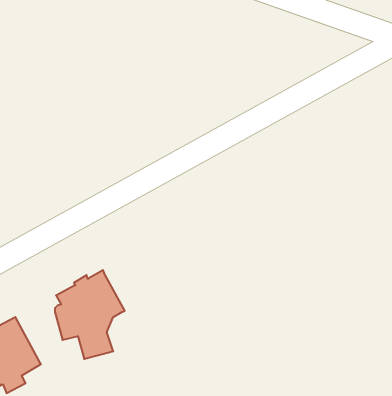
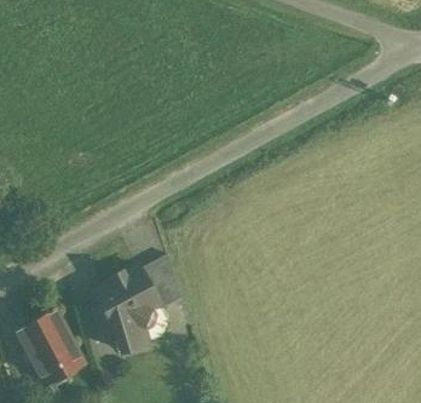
building: none -> [138,257,180,312]

